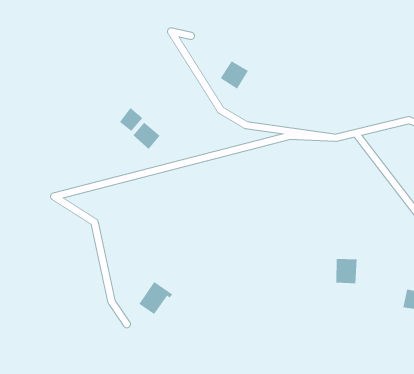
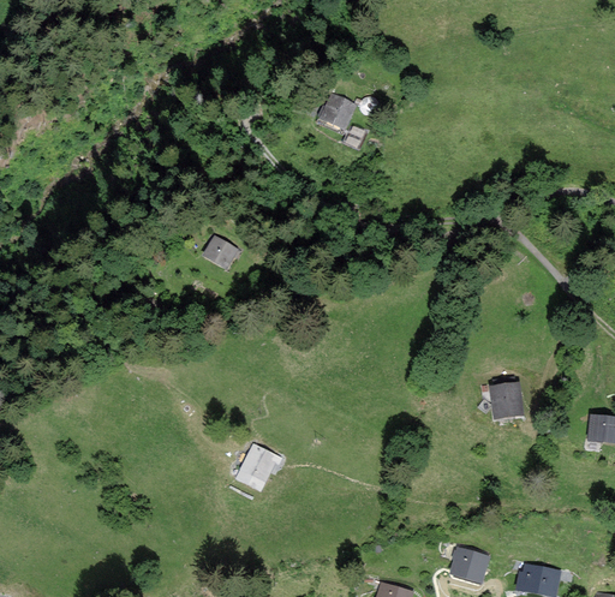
building: [220,61,249,90] -> [318,95,356,132]
building: [119,107,143,132] -> none

